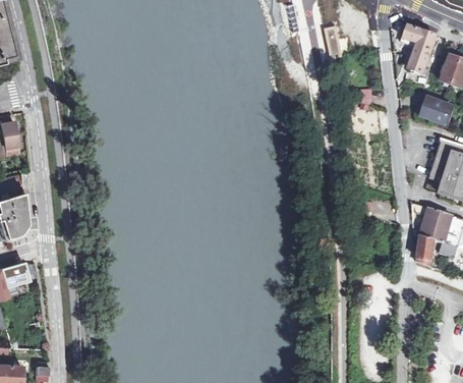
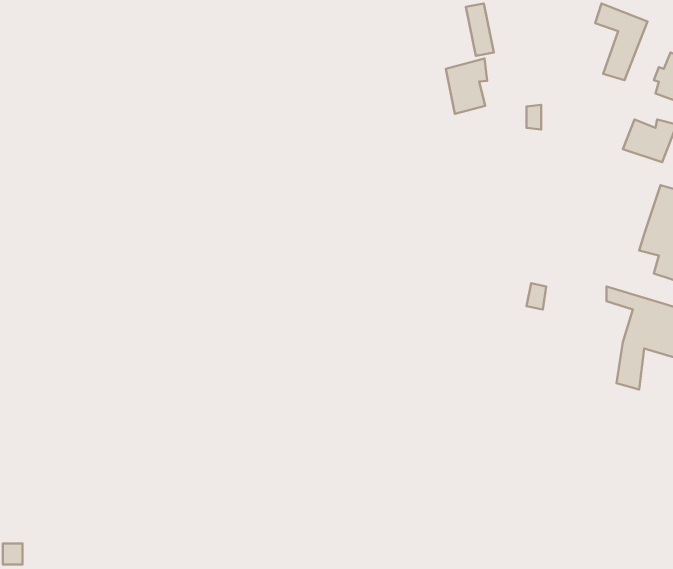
building: none -> [446,59,487,114]

